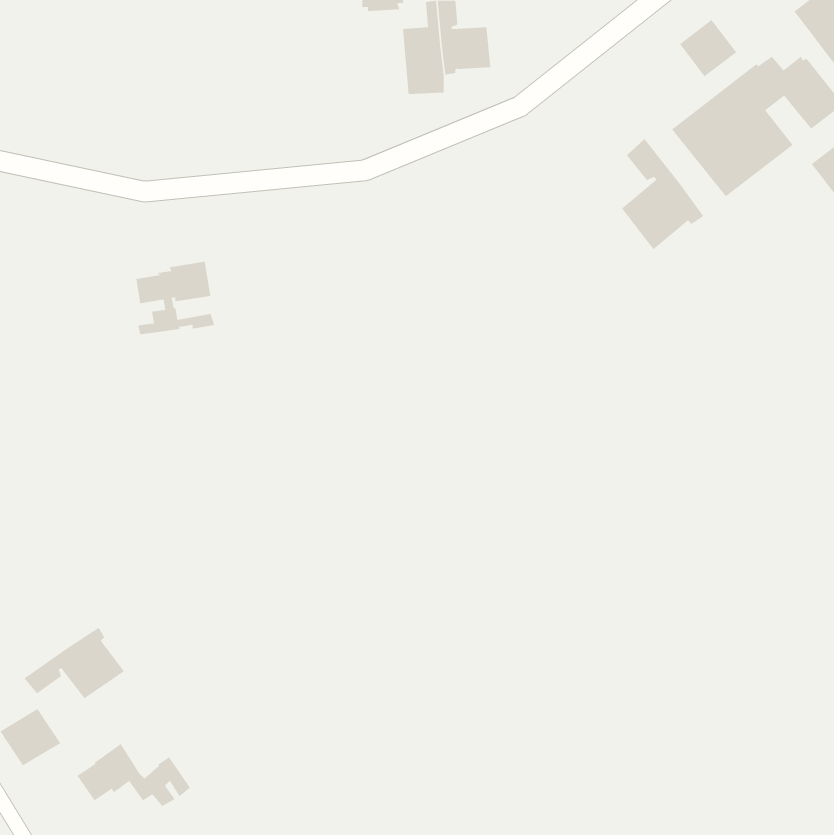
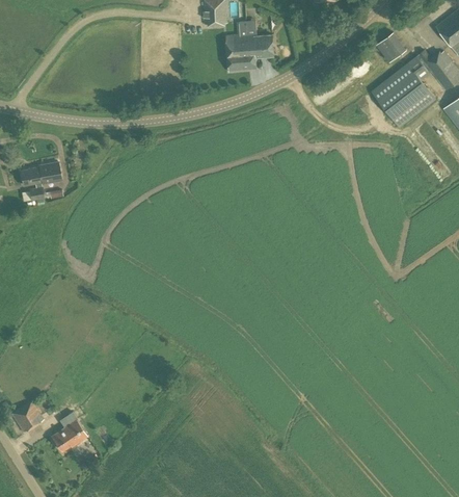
building: [621,138,704,250] -> none
building: [136,261,215,335] -> [20,161,62,201]
building: [23,627,125,699] -> none

